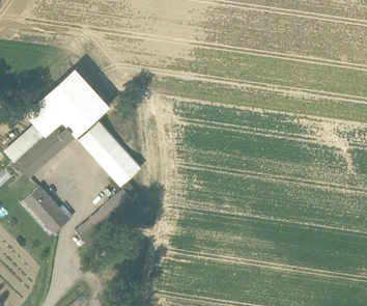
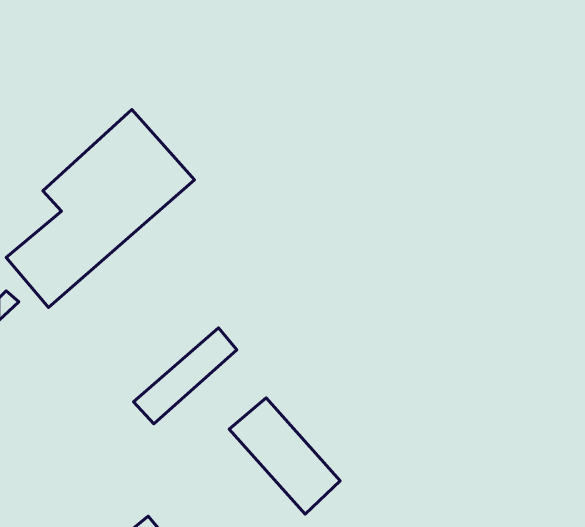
building: [79,122,141,188] -> [229,398,340,514]
building: [24,187,68,234] -> none

